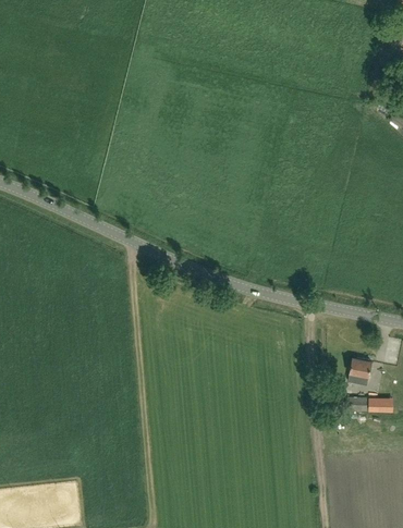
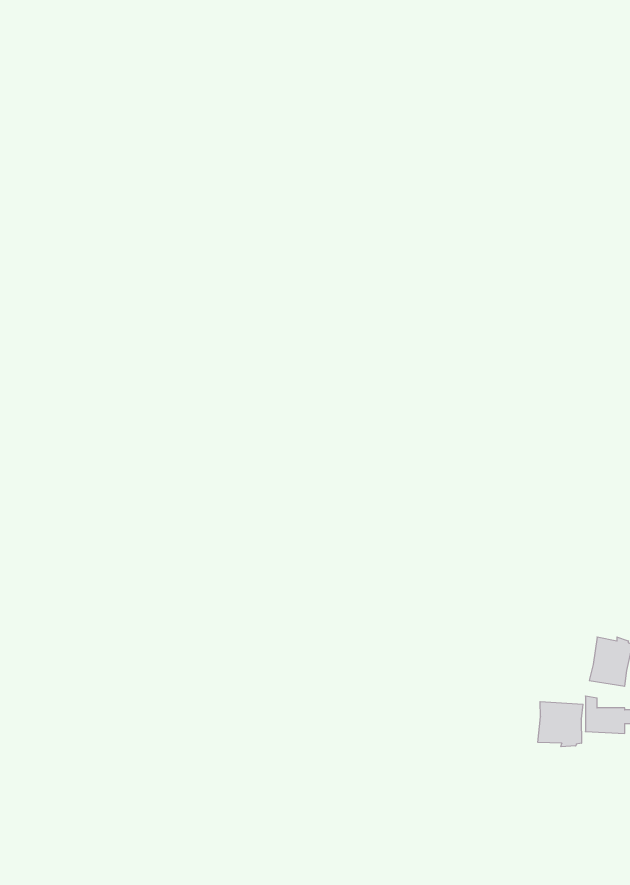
building: none -> [538,702,583,747]

